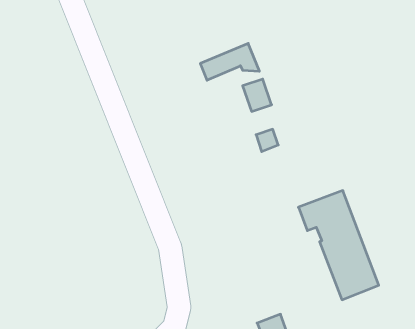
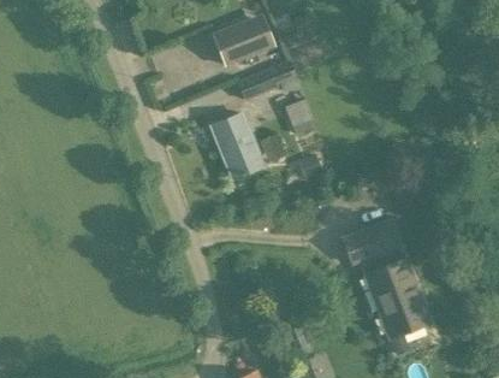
building: none -> [214,23,274,65]
building: none -> [213,114,263,177]

